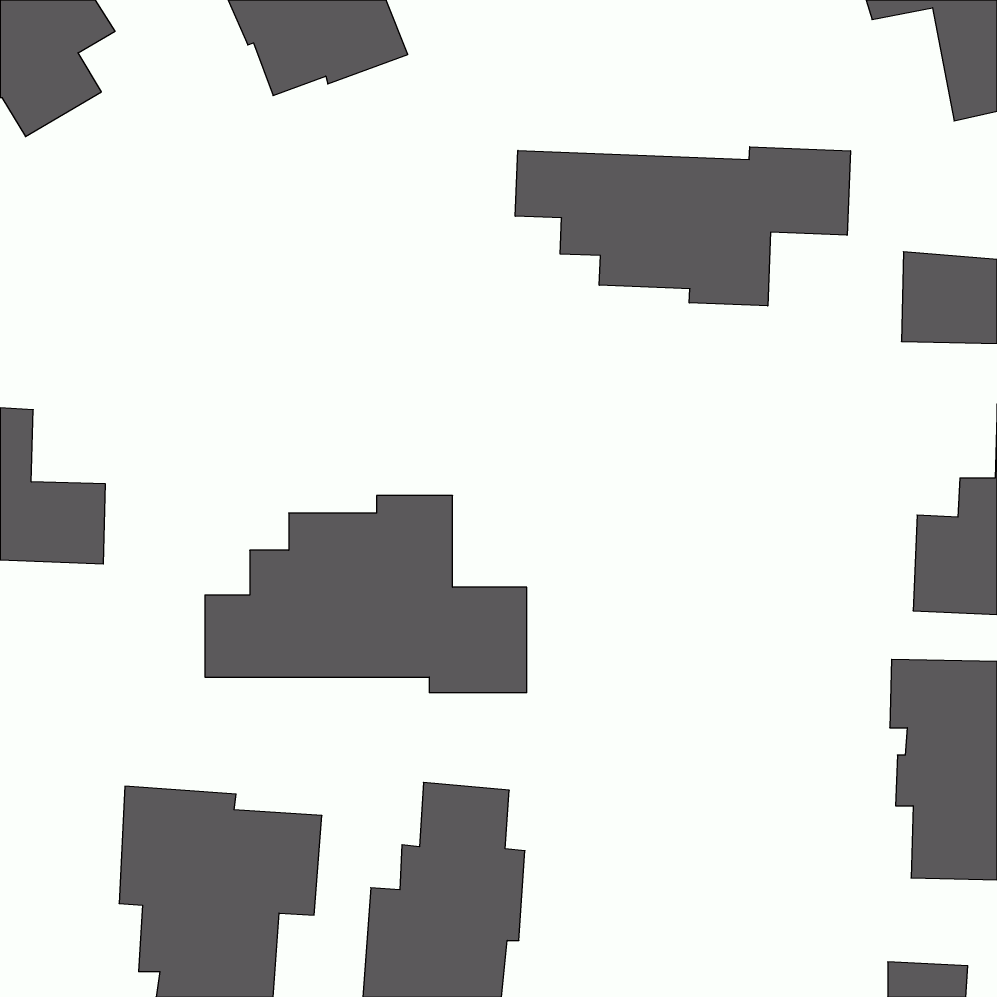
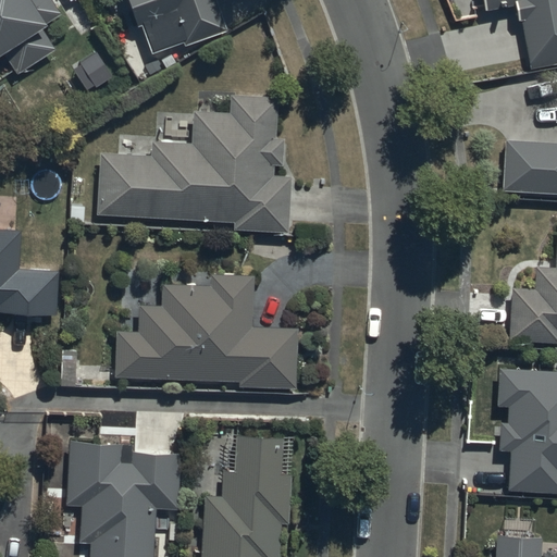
building: [515,147,850,306] -> none
building: none -> [97,96,288,233]

